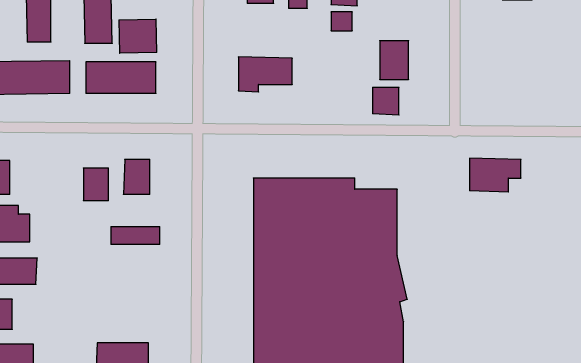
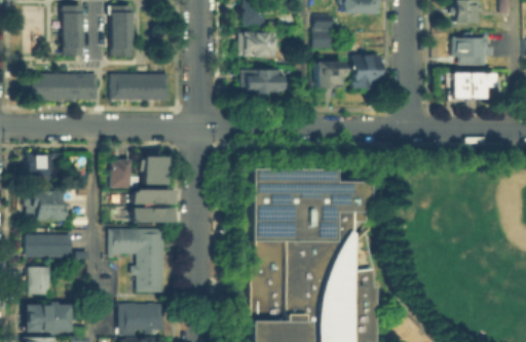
building: none -> [238,33,274,55]
building: none -> [455,38,486,67]
building: [119,19,157,53] -> none
building: [373,87,399,115] -> [318,65,340,87]
building: [470,158,521,192] -> [450,72,492,100]
building: none -> [133,191,173,206]
building: none -> [112,229,163,291]

